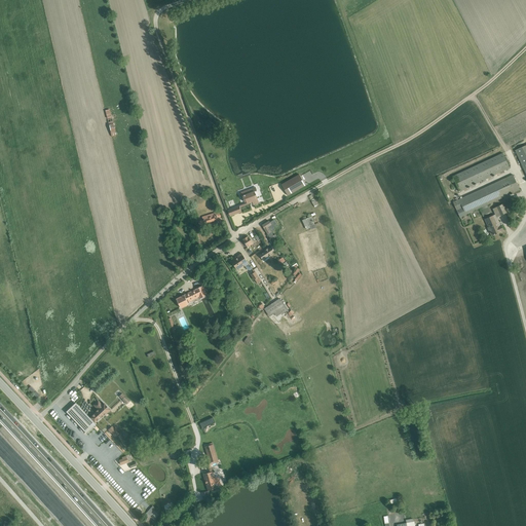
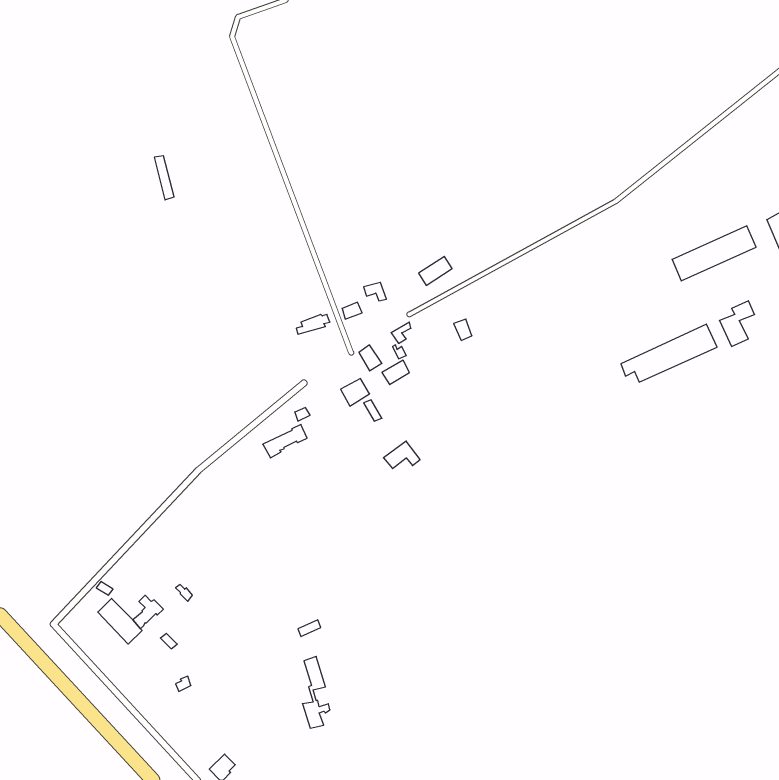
building: [454,174,519,213] -> [621,324,717,382]

